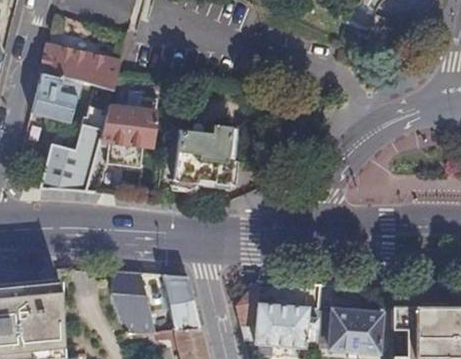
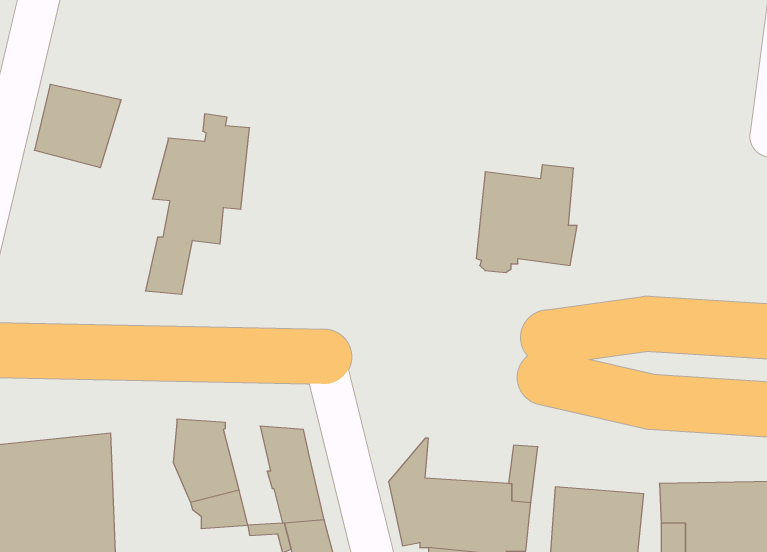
building: [40,48,119,92] -> none
building: [38,102,108,194] -> none
building: [172,126,230,189] -> [476,165,577,272]

